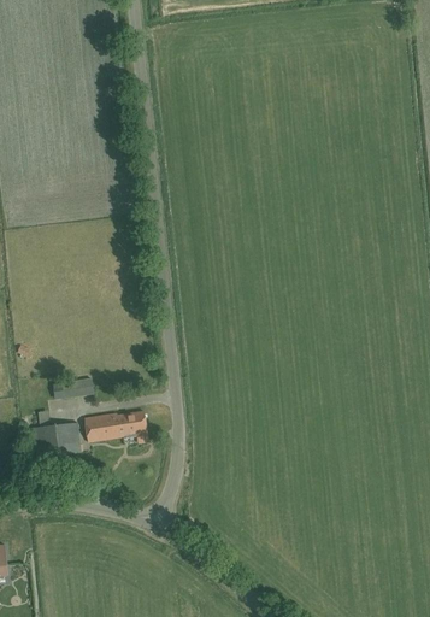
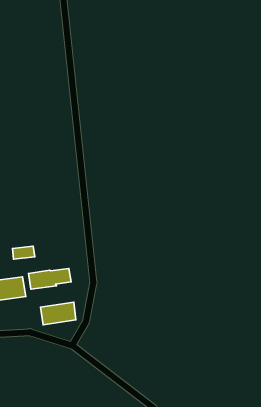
building: none -> [40,302,76,325]

